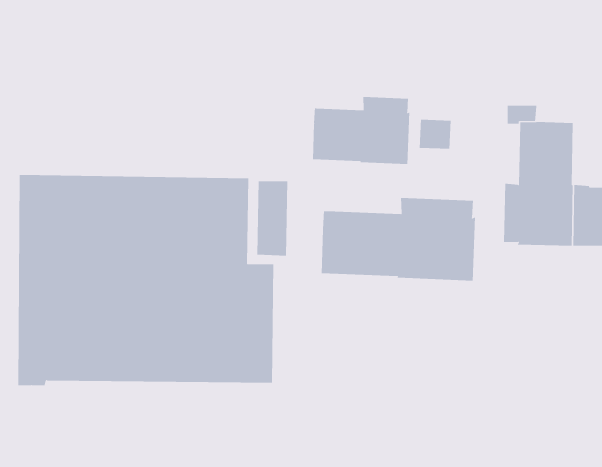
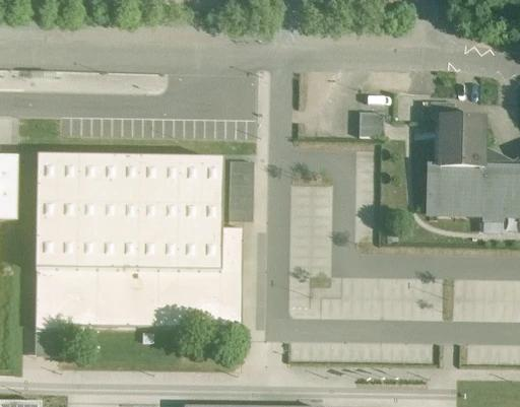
building: [312,96,410,165] -> none
building: [321,197,476,281] -> none

